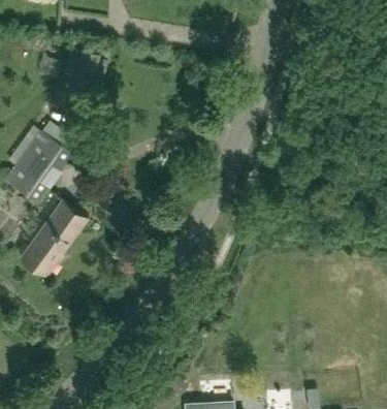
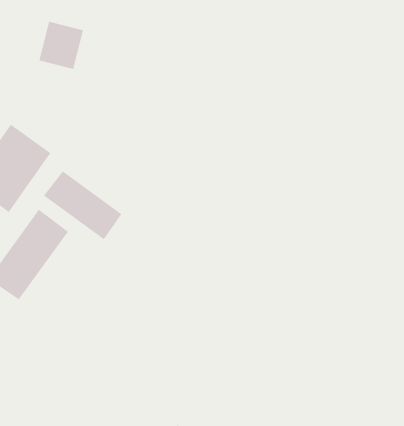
building: none -> [43,170,122,240]

